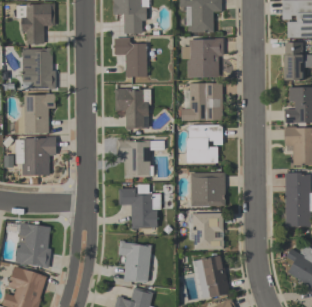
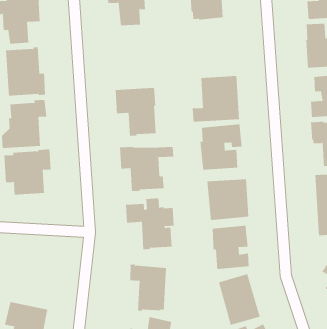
building: [115,37,147,76] -> none
building: [181,38,223,77] -> none
building: [16,222,52,267] -> none

